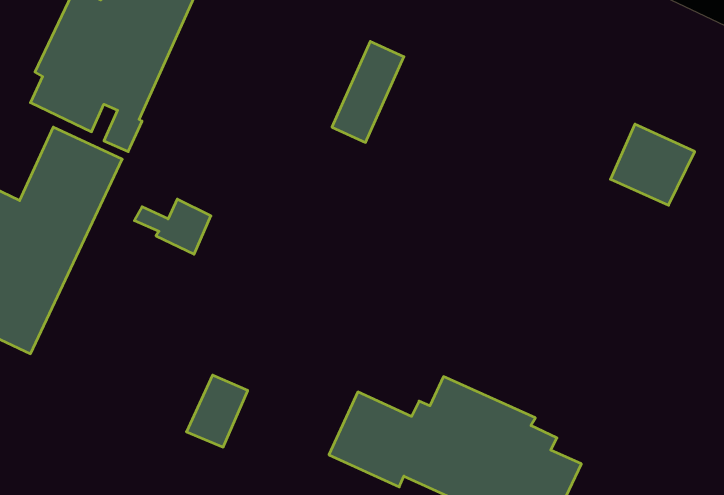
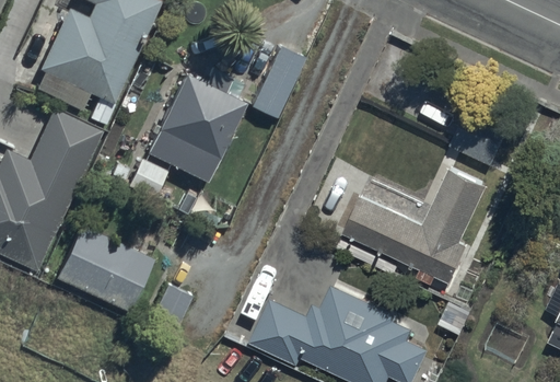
building: none -> [147,71,246,182]
building: none -> [345,169,487,283]
building: none -> [54,228,152,313]

